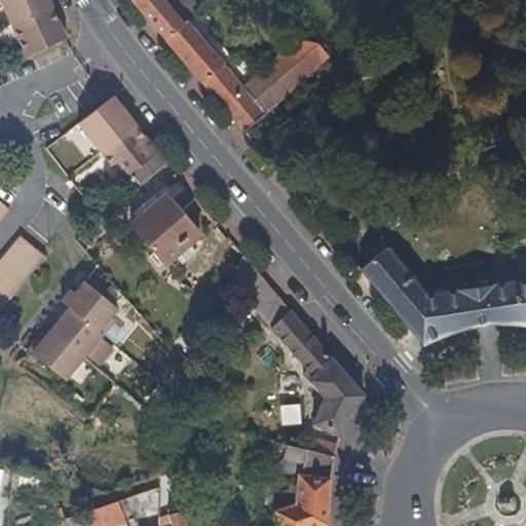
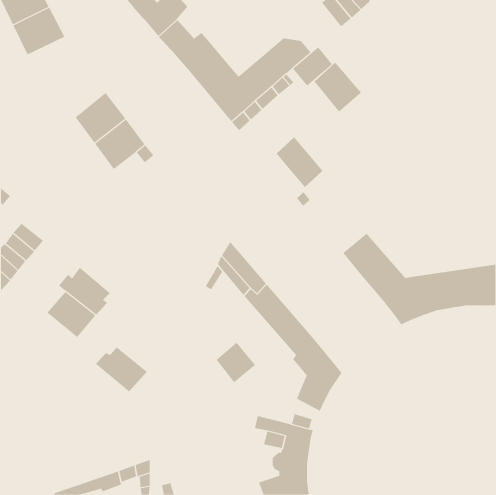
building: none -> [314,62,362,112]
building: none -> [276,136,323,188]
building: [132,194,198,263] -> none
building: [27,331,82,379] -> [95,347,148,392]
building: none -> [216,342,256,383]

